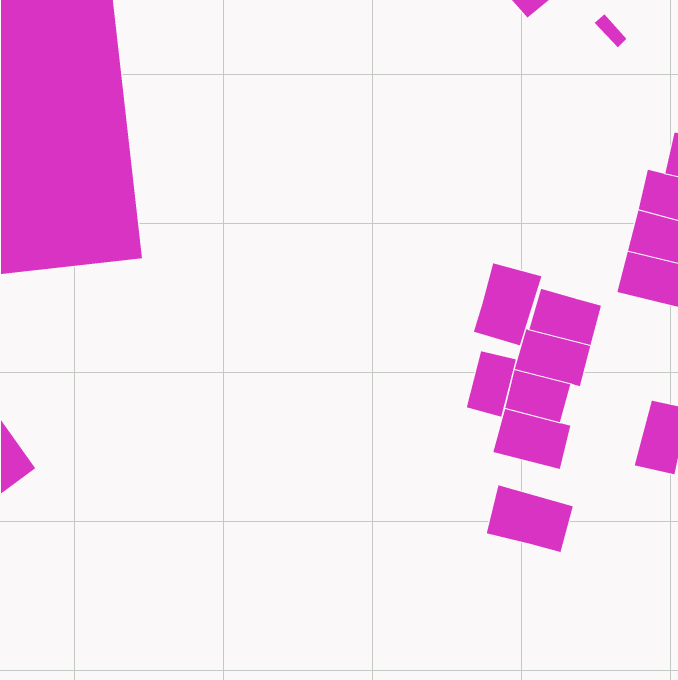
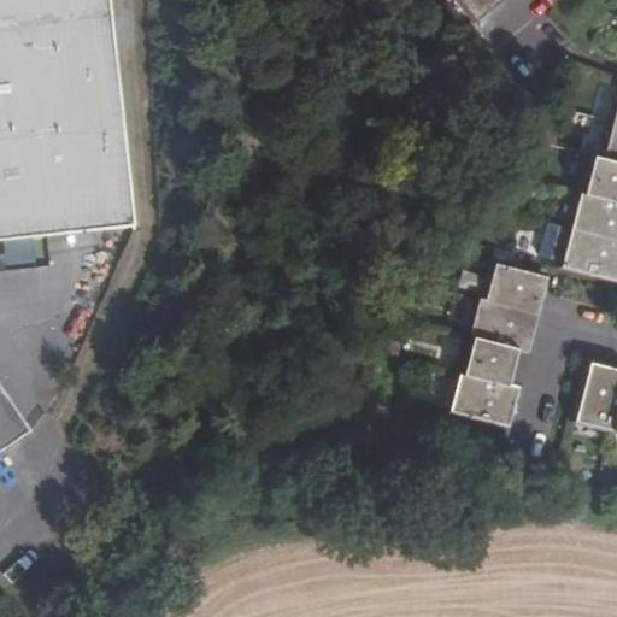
building: [473,262,542,346] -> none
building: [466,350,517,417] -> none
building: [486,485,574,553] -> none

